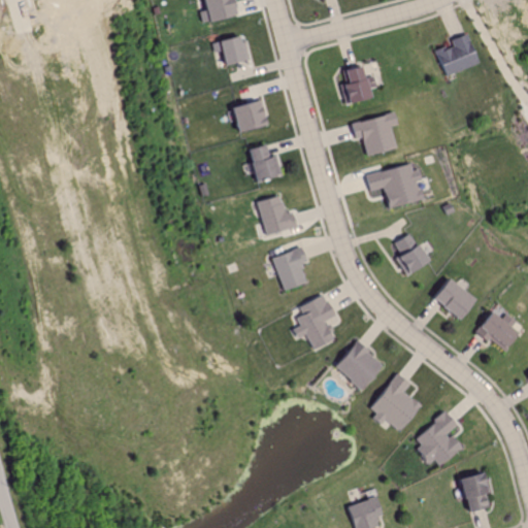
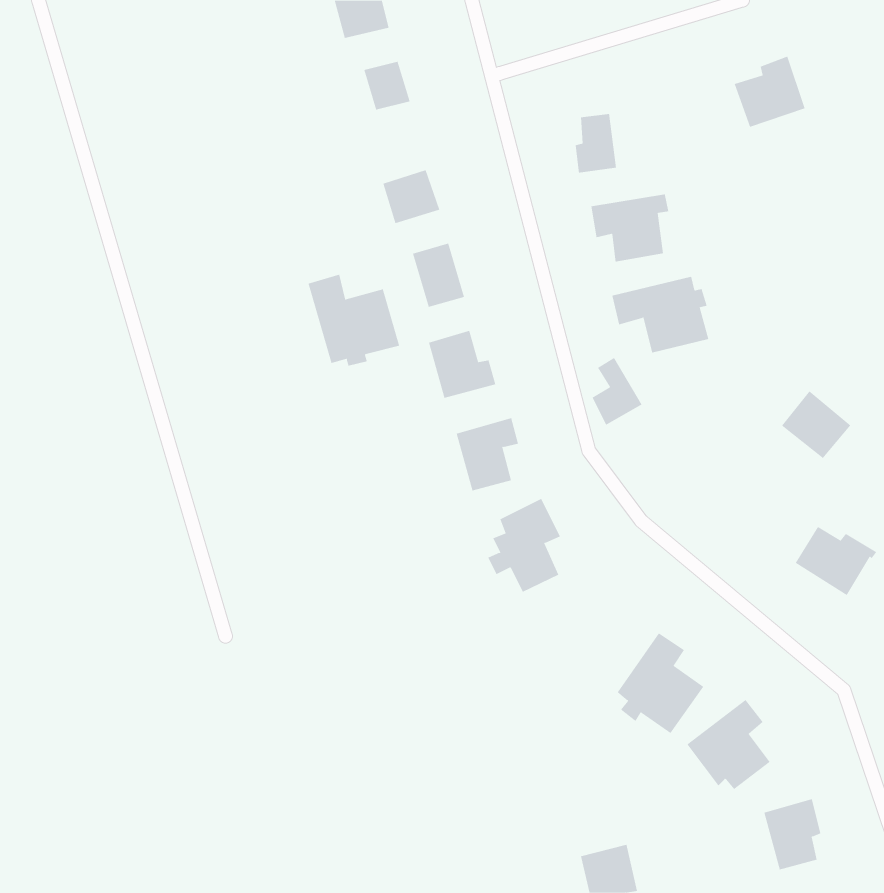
building: none -> [308,274,400,366]
building: [397,233,427,273] -> [592,357,642,425]
building: [429,278,470,319] -> [781,391,851,459]
building: [333,341,384,391] -> none

